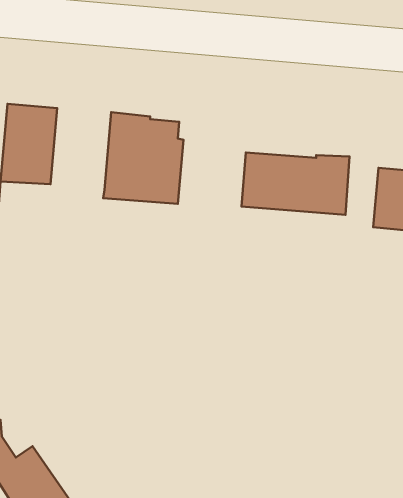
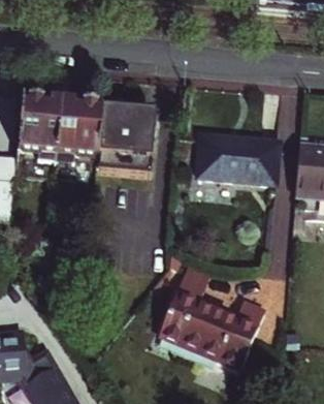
building: none -> [56,102,101,163]
building: none -> [159,279,264,366]

